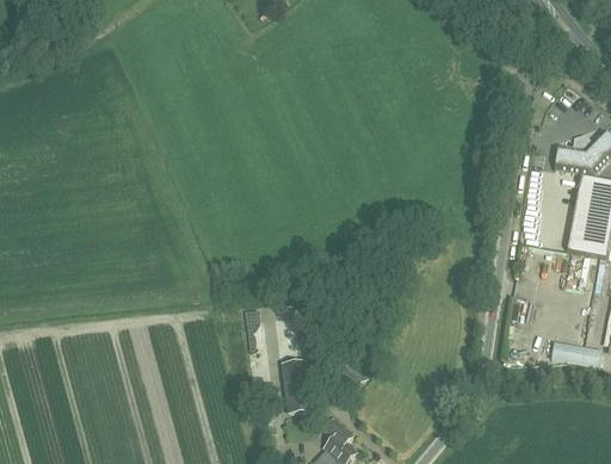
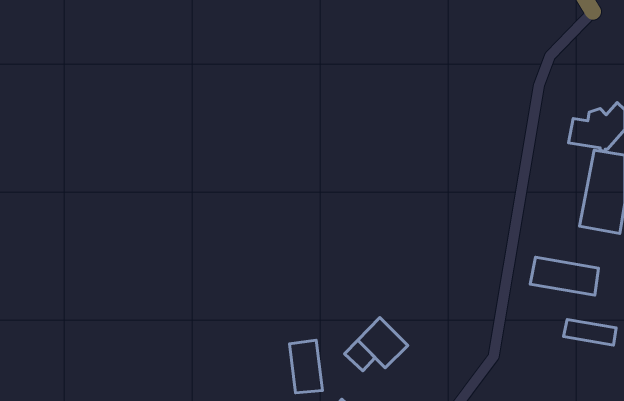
building: none -> [530,257,598,295]
building: none -> [358,317,408,368]

